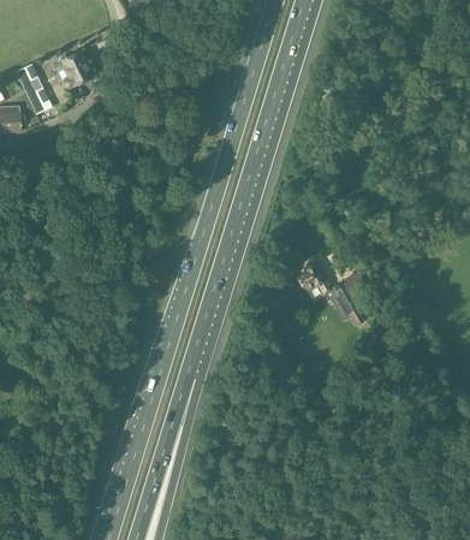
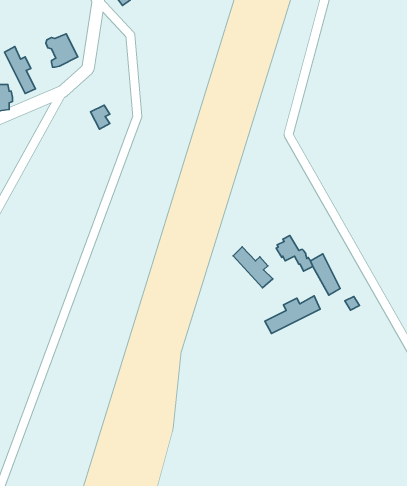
building: none -> [233,247,273,288]
building: none -> [265,296,320,334]

